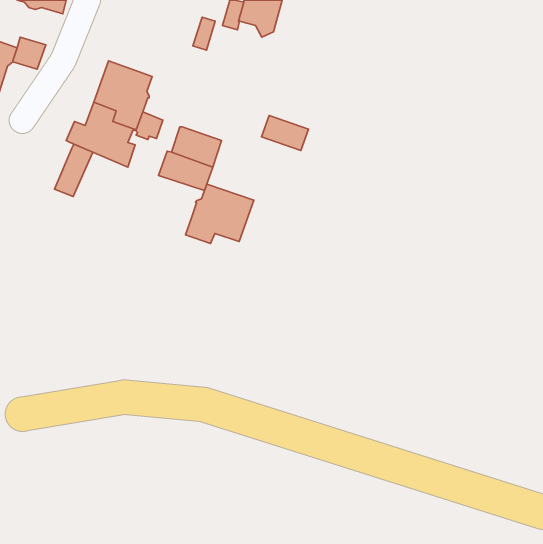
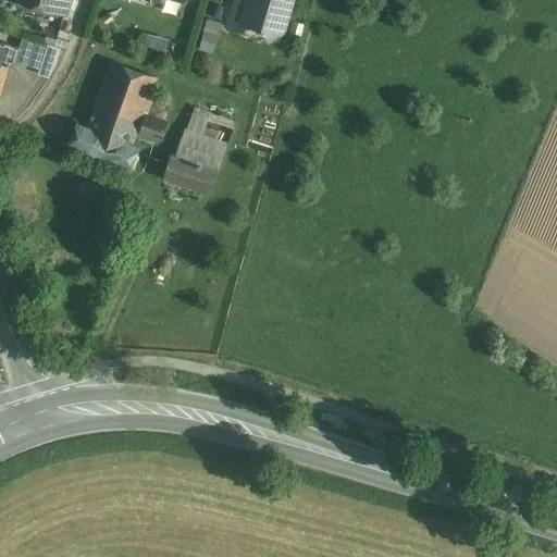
building: [262,115,308,151] -> [186,108,234,144]
building: [55,144,93,197] -> none
building: [185,184,254,244] -> none

